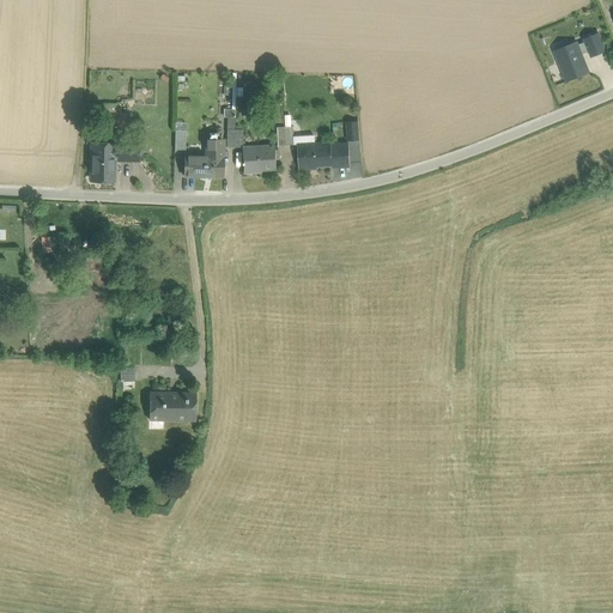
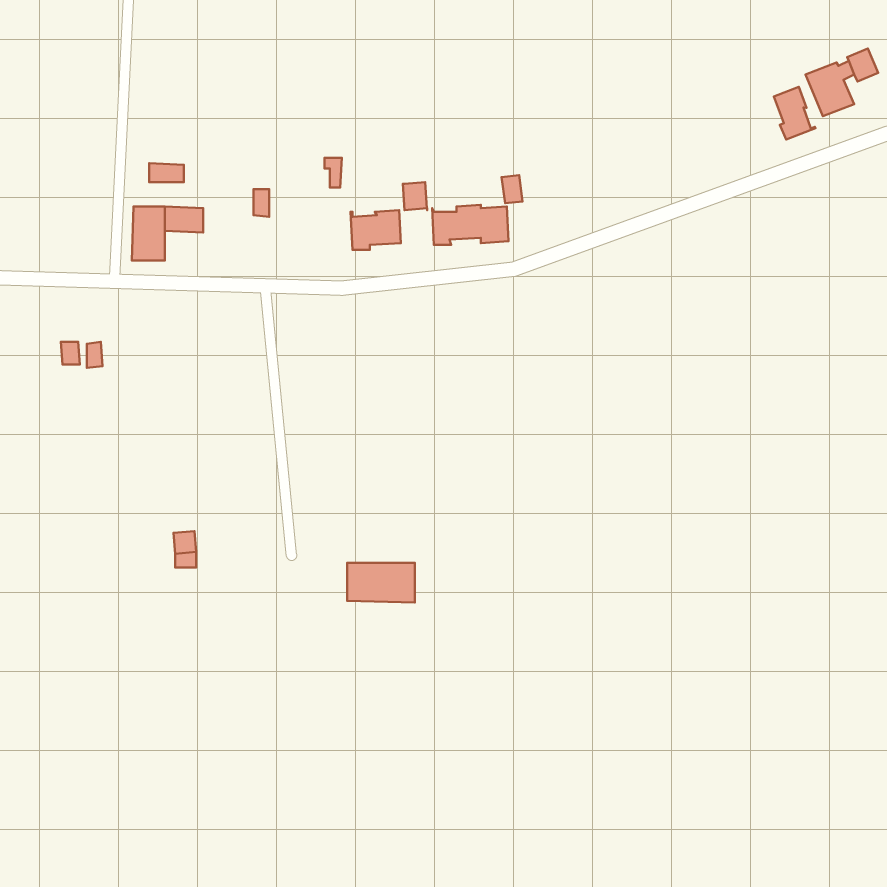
building: none -> [774,87,815,140]
building: [184,138,224,177] -> none
building: [150,393,196,420] -> [347,563,415,603]

